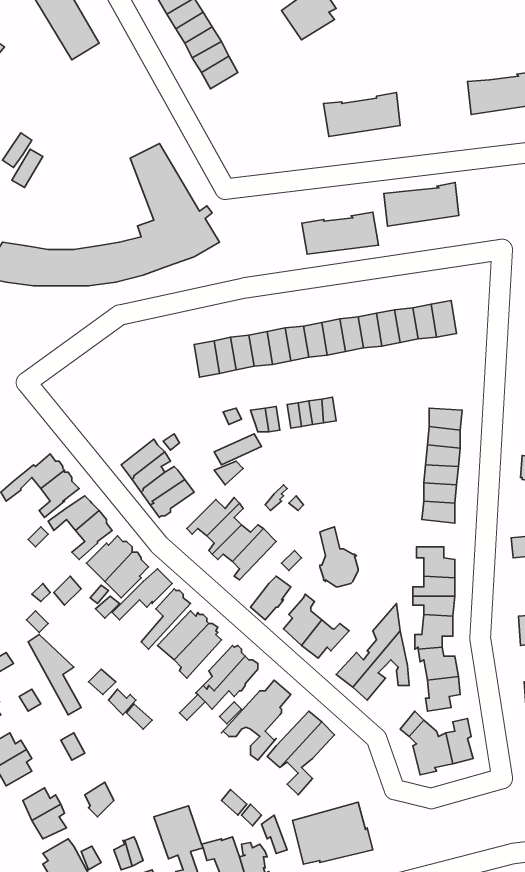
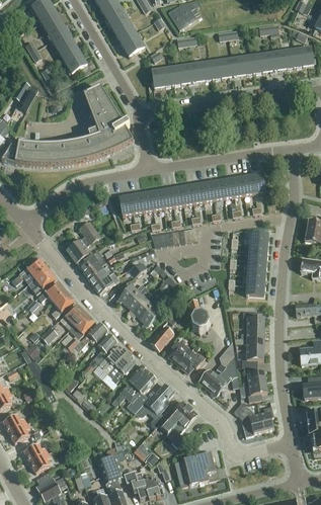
building: none -> [51,29,86,72]
building: [384,183,459,226] -> [231,51,272,75]
building: [302,212,378,254] -> [151,63,193,86]
building: none -> [66,220,99,261]

